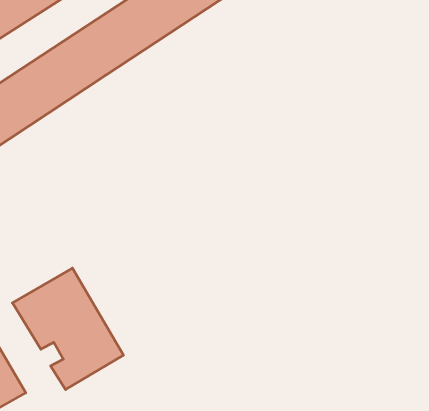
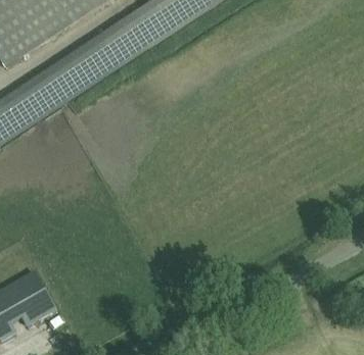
building: [12,268,123,390] -> none

